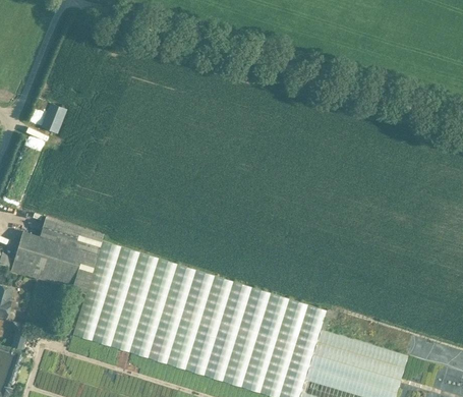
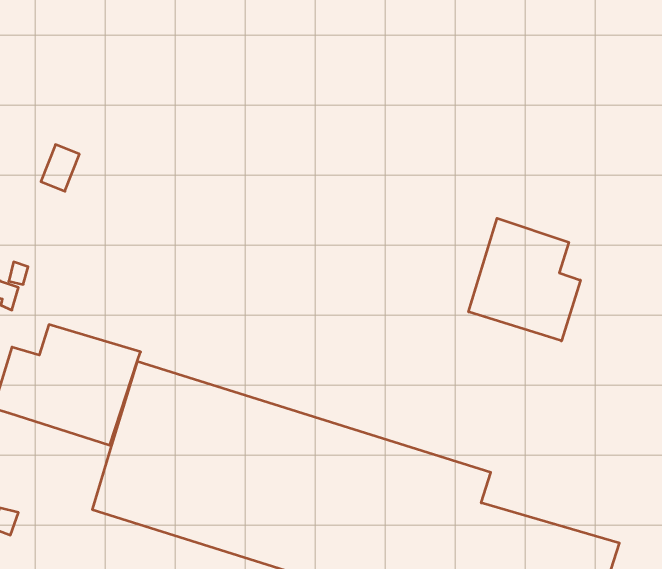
building: none -> [469,218,580,341]

